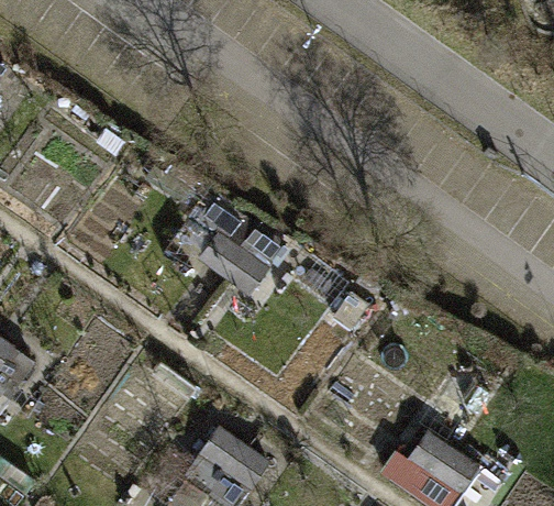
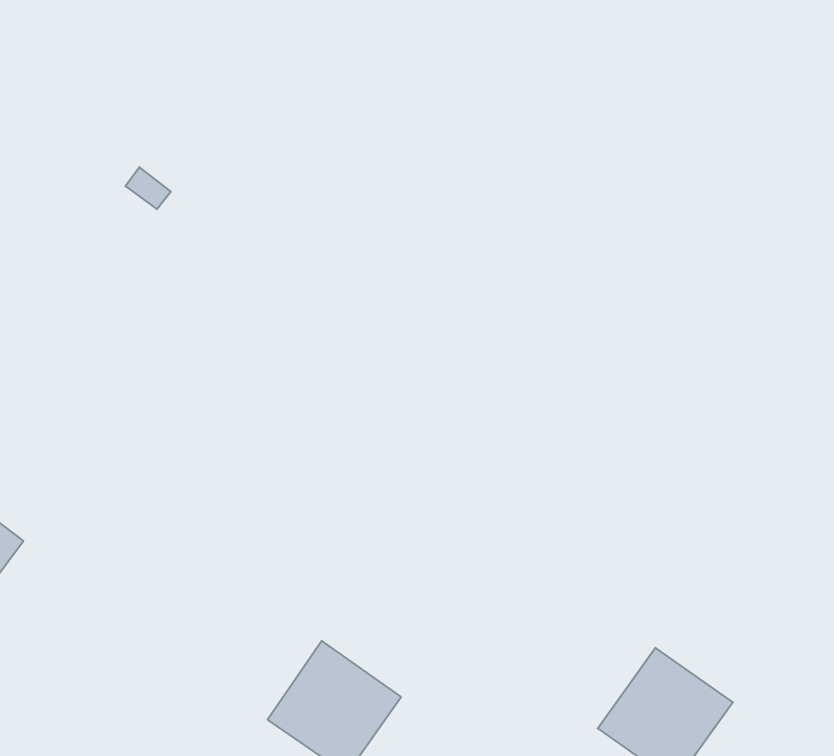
building: [198,208,284,294] -> none

